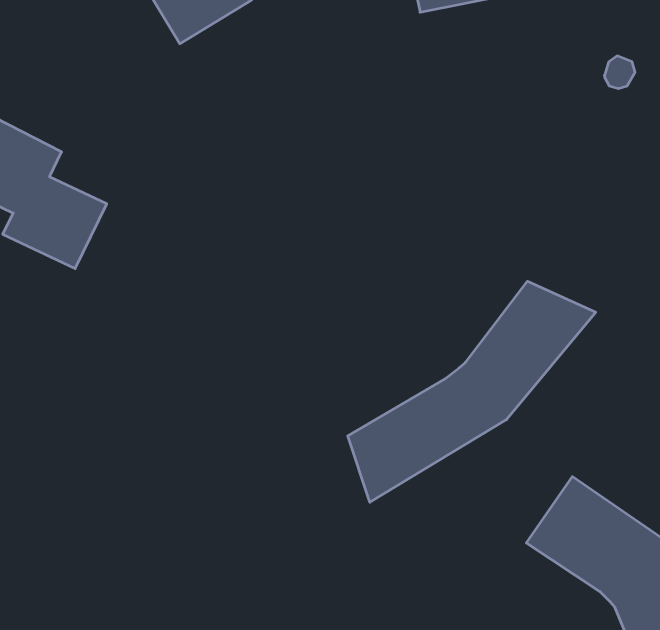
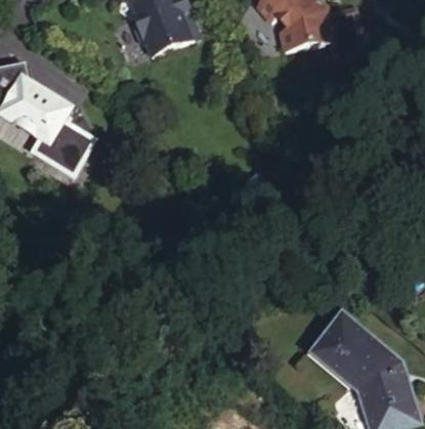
building: [348,281,596,502] -> none

